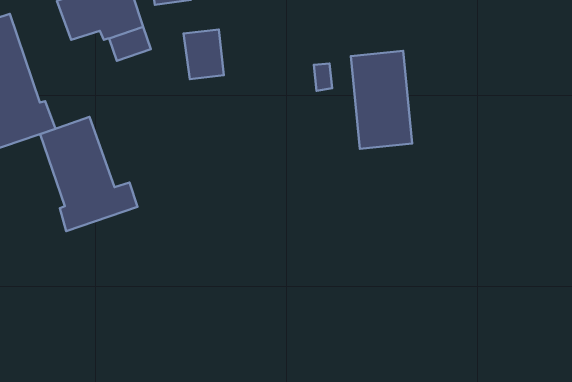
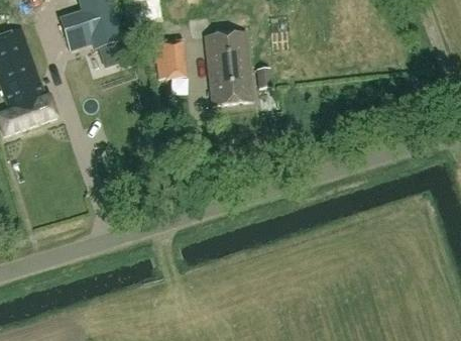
building: [351,51,412,149] -> [203,30,250,106]
building: [40,117,137,231] -> none

